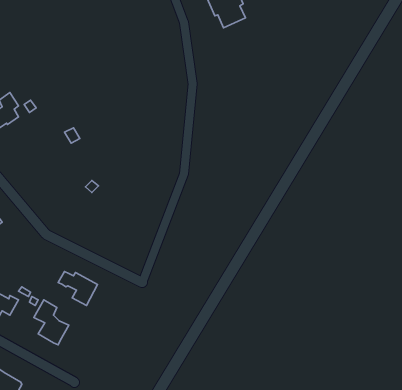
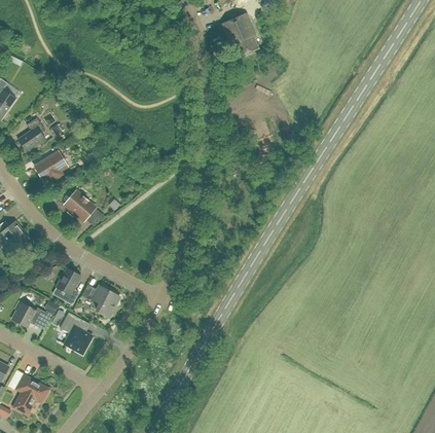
building: none -> [35,152,66,180]
building: none -> [65,191,95,220]
building: none -> [57,267,81,304]

